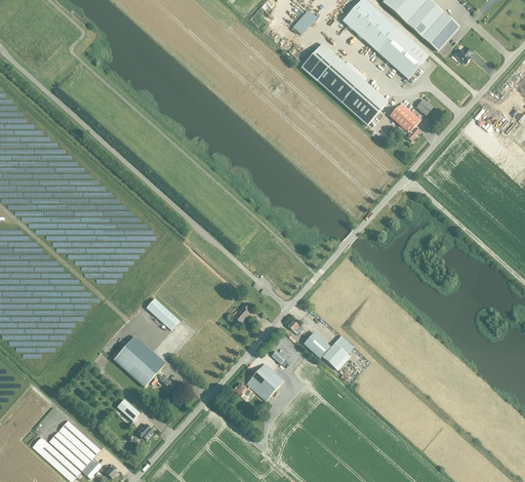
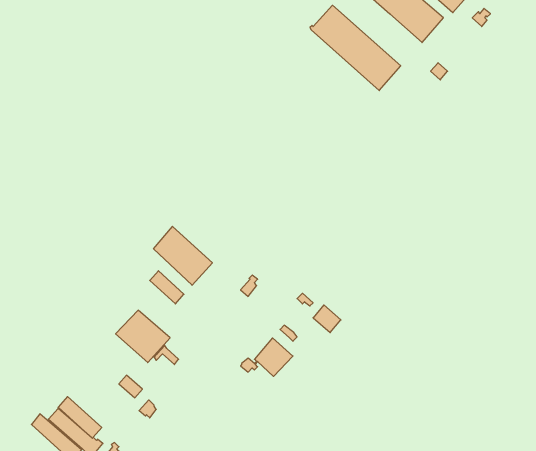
building: [389,102,420,139] -> none
building: none -> [154,226,212,285]
building: [321,342,349,369] -> none

